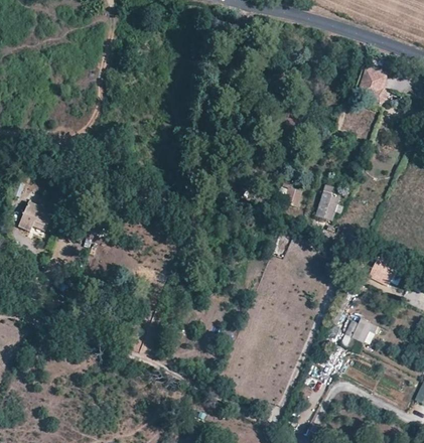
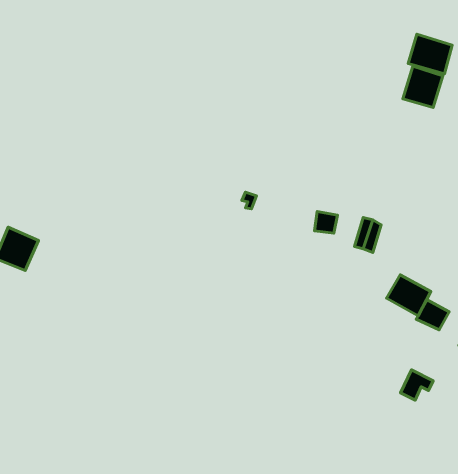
building: none -> [408,34,452,74]
building: none -> [386,275,431,316]

